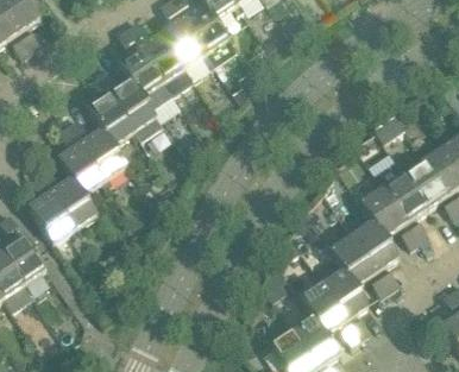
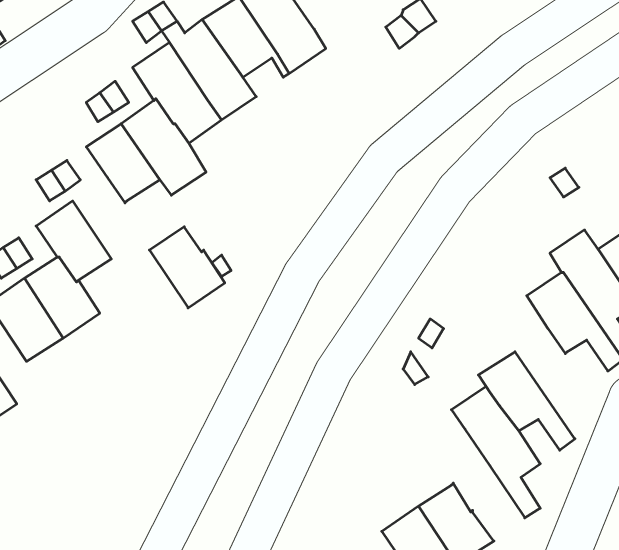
building: [81,127,127,177] -> [149,227,225,308]
building: [353,220,400,288] -> none
building: [301,282,359,342] -> none

